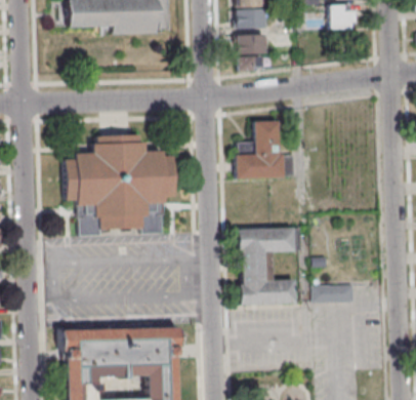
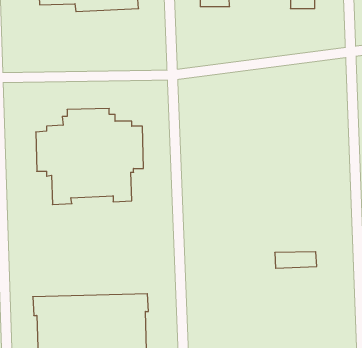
building: [238,34,266,71] -> none
building: [235,119,285,178] -> none
building: [237,227,298,304] -> none

